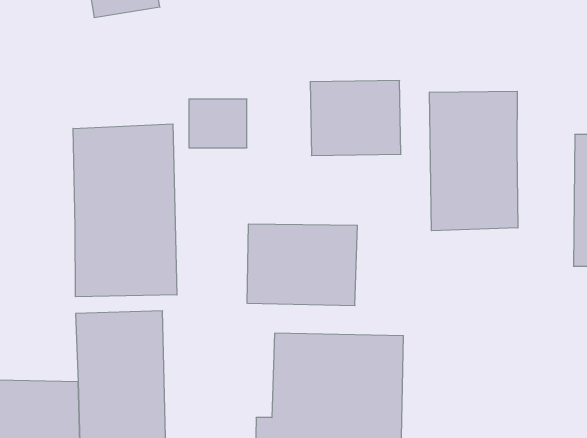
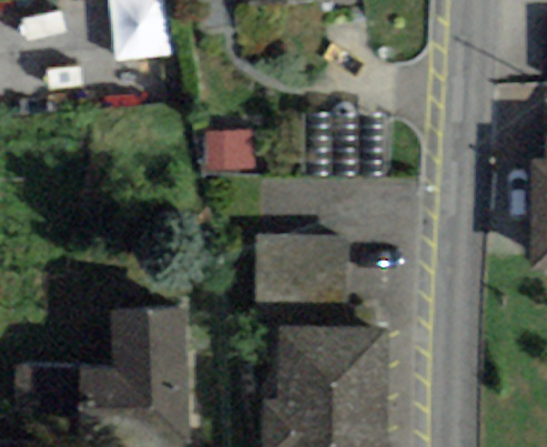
building: [430,91,518,231] -> none
building: [73,124,177,297] -> none

